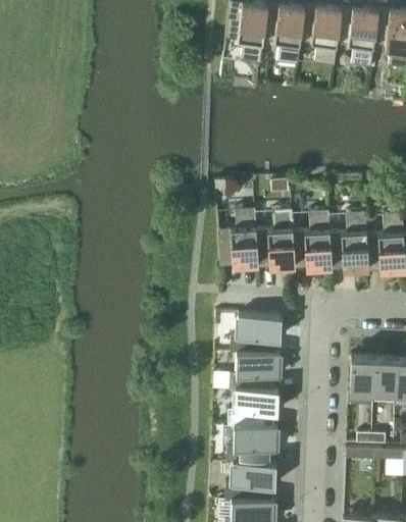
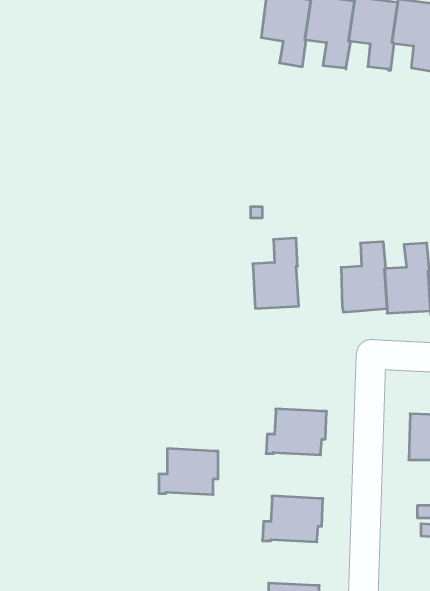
building: [256,208,295,267] -> none
building: [232,314,283,353] -> none
building: [230,387,280,426] -> [159,449,218,495]
building: [226,461,277,500] -> none

